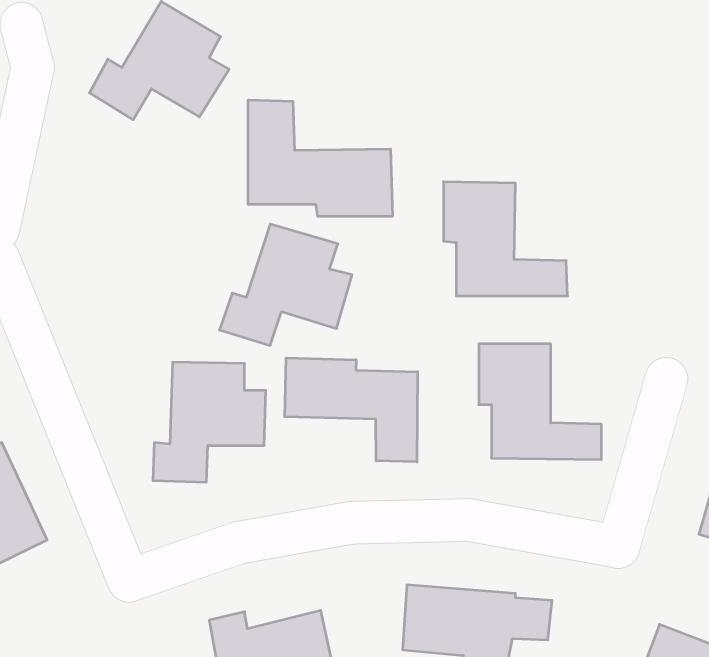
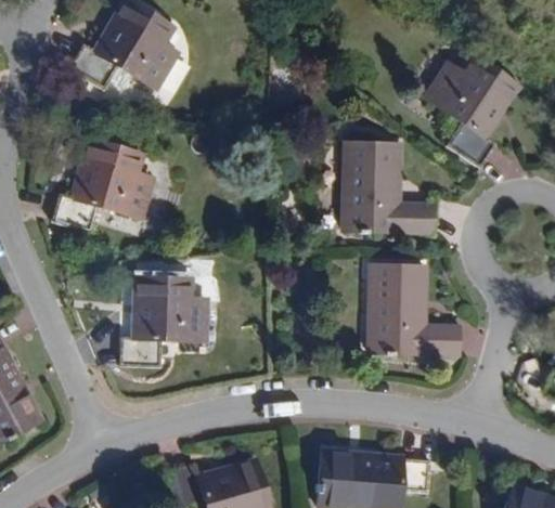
building: none -> [426,54,518,168]
building: [248,100,392,216] -> none
building: [219,224,352,345] -> [48,140,150,233]
building: [285,358,418,462] -> none

